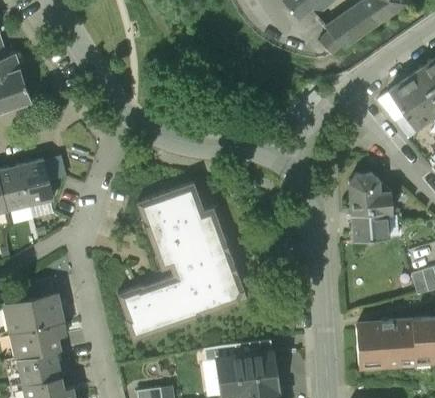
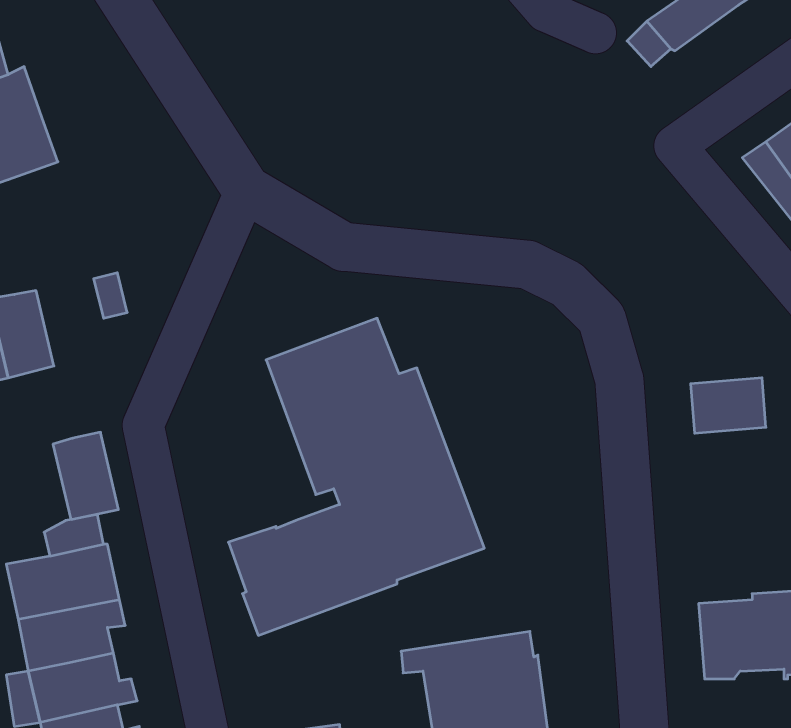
building: [21,161,54,205] -> [53,432,118,519]
building: [349,172,393,214] -> none

